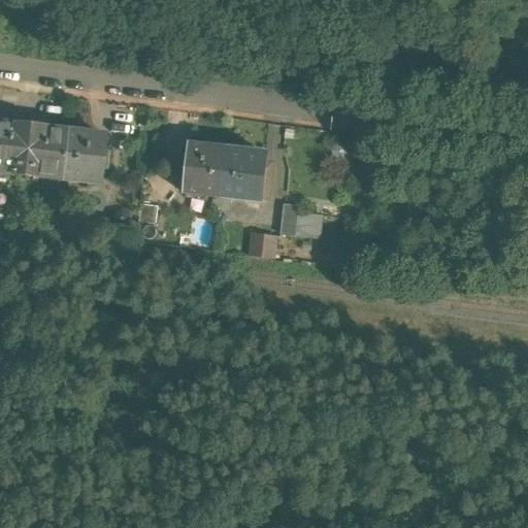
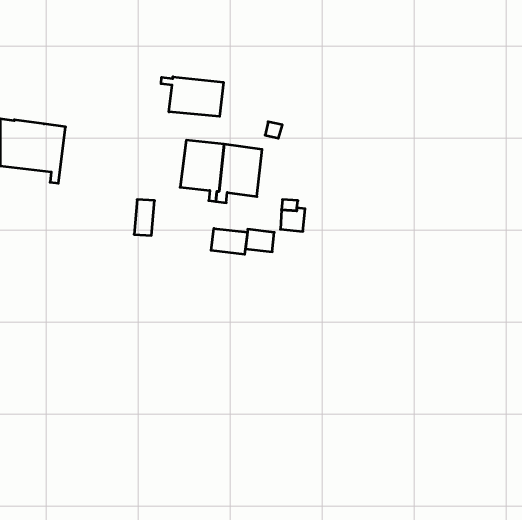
building: none -> [161,77,223,116]
building: [60,128,105,186] -> none
building: none -> [211,228,247,254]

